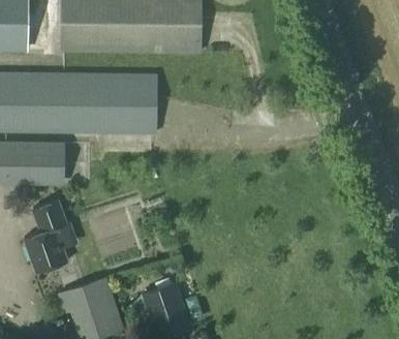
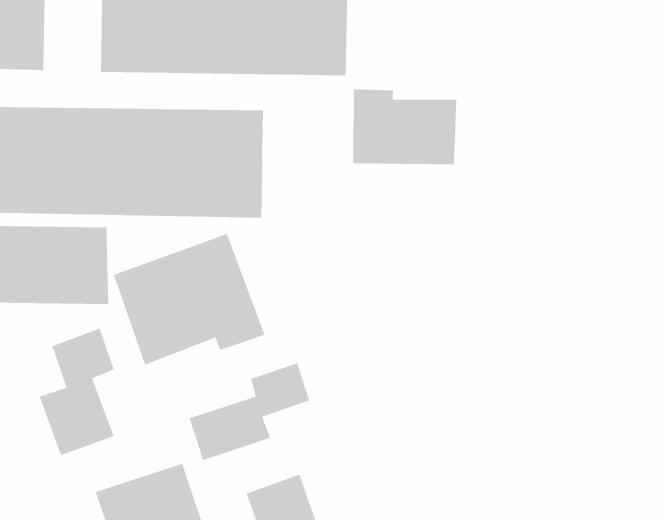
building: none -> [353,89,457,165]
building: none -> [113,233,265,365]
building: none -> [189,362,310,461]

